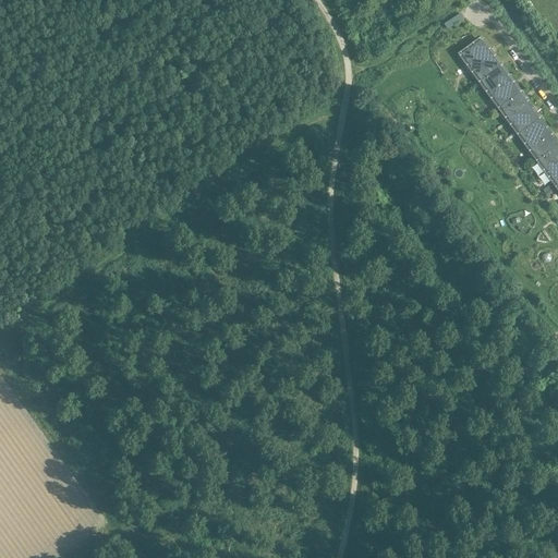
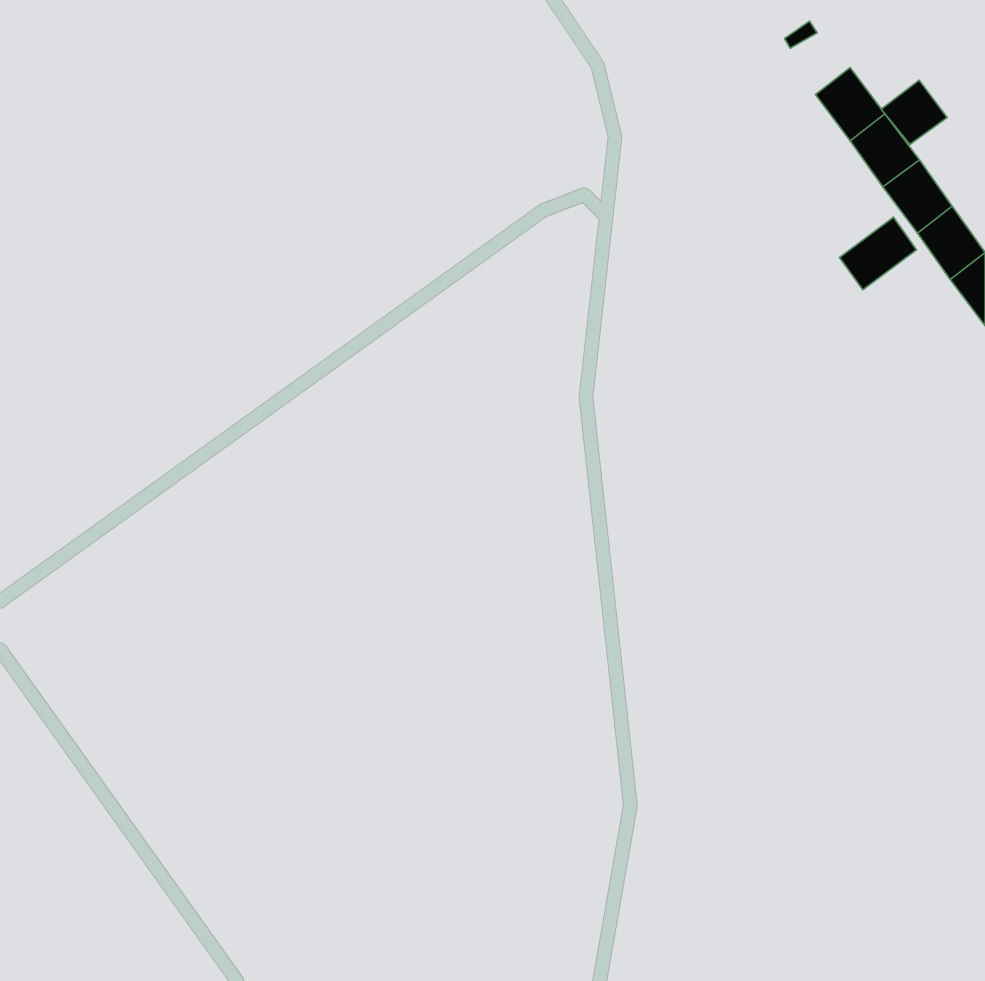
building: none -> [881,80,947,144]
building: none -> [840,217,917,290]

